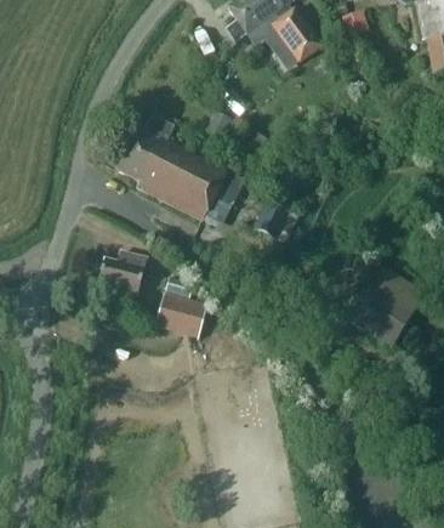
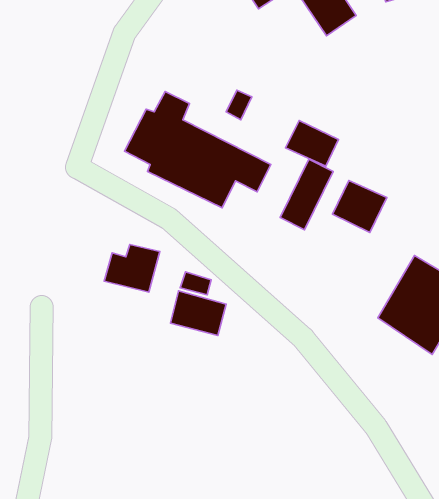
building: none -> [285,120,338,166]
building: none -> [333,180,387,232]

